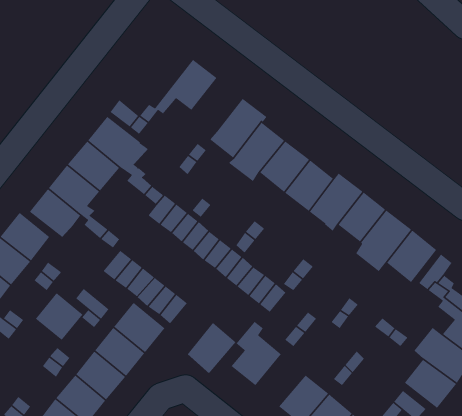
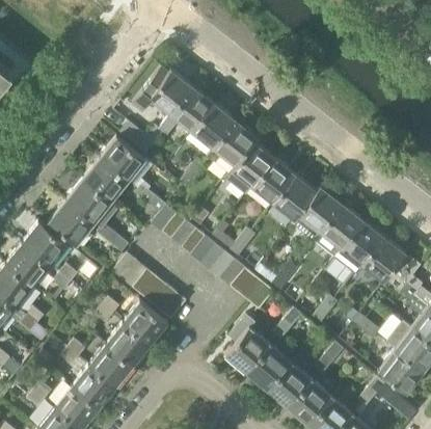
building: none -> [132,68,192,115]
building: none -> [191,104,236,151]
building: [35,292,84,341] -> none
building: [187,322,237,374] -> [247,346,291,392]

